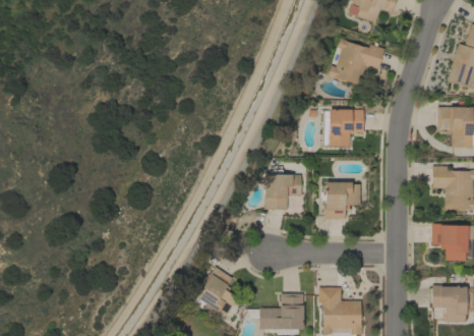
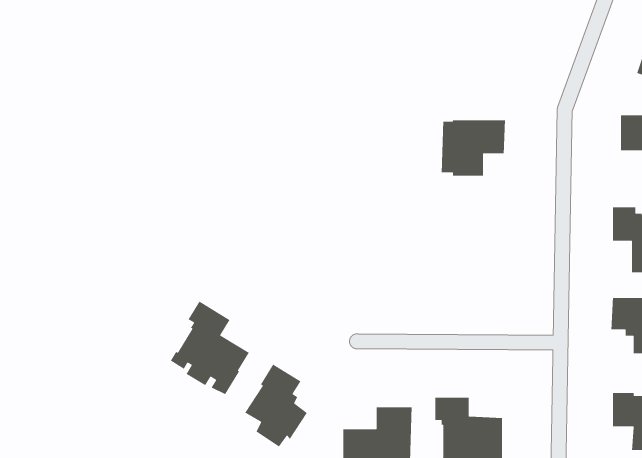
building: [328,39,386,86] -> none
building: [264,166,302,210] -> none
building: [324,182,360,219] -> none
building: none -> [170,300,250,395]

